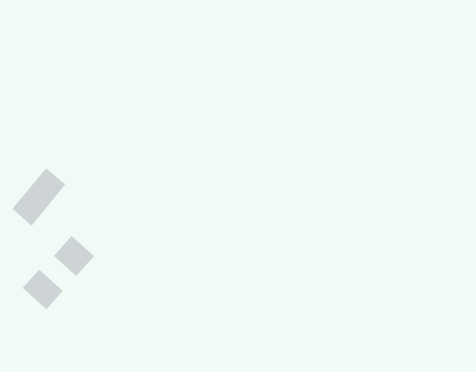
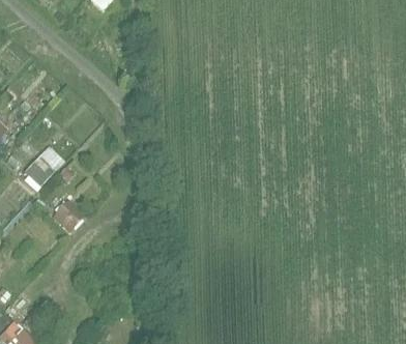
building: [22,269,64,310] -> none

